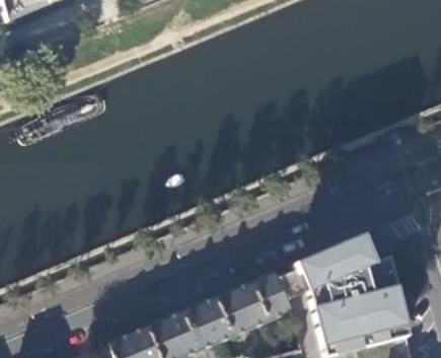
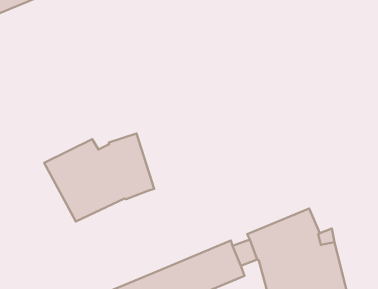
building: none -> [44,133,154,222]

